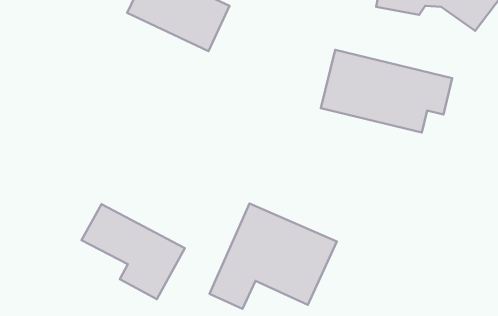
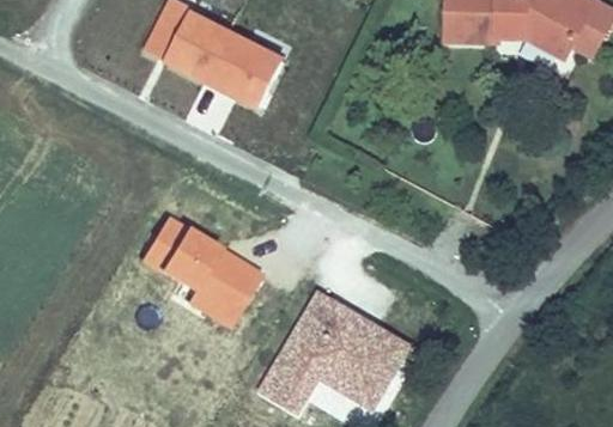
building: [321,50,452,132] -> none
building: [82,204,185,299] -> [138,214,261,328]

